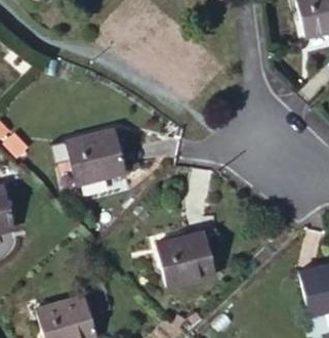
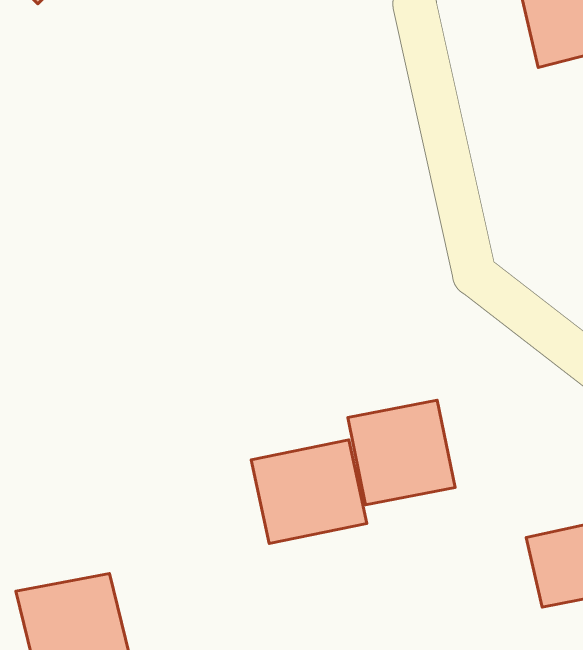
building: [74,127,133,177] -> none
building: none -> [348,400,455,505]

